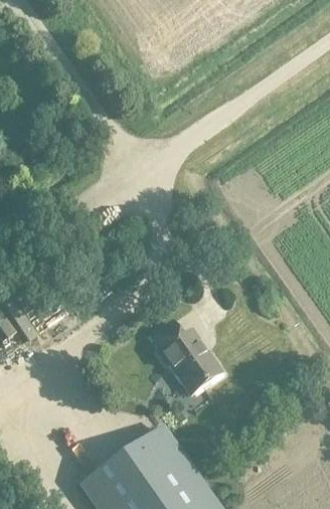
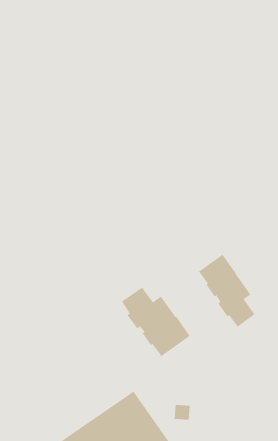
building: none -> [198,254,255,327]

